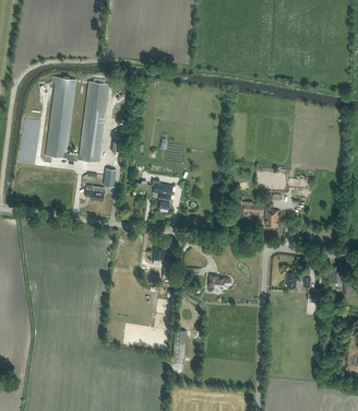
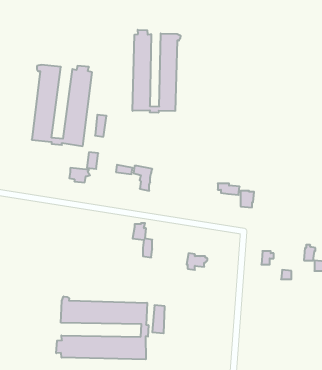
building: none -> [133,30,180,113]
building: none -> [56,296,148,359]

